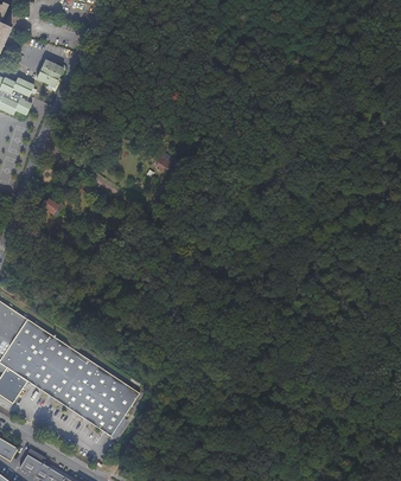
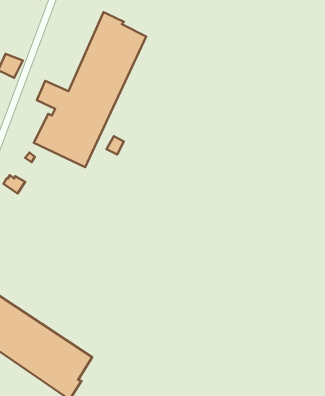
building: none -> [34,12,146,167]

